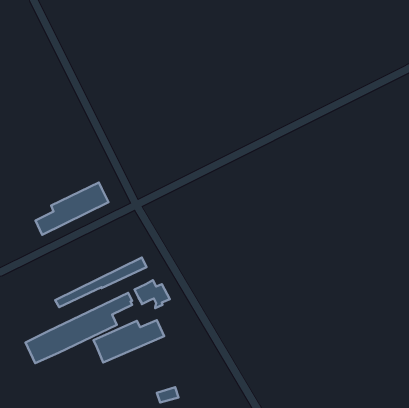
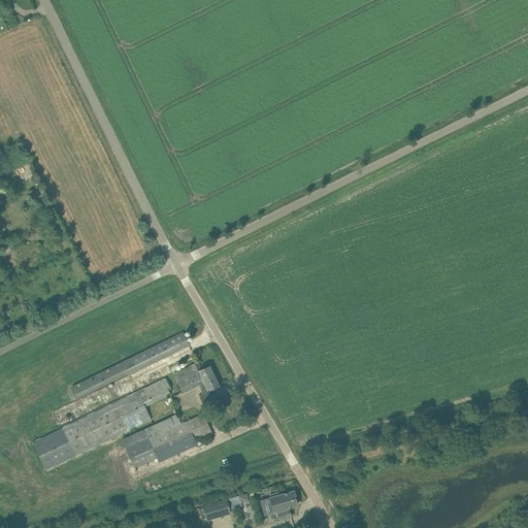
building: [35,182,109,235] -> none
building: none -> [260,490,296,520]

